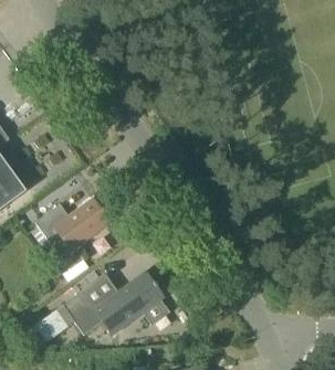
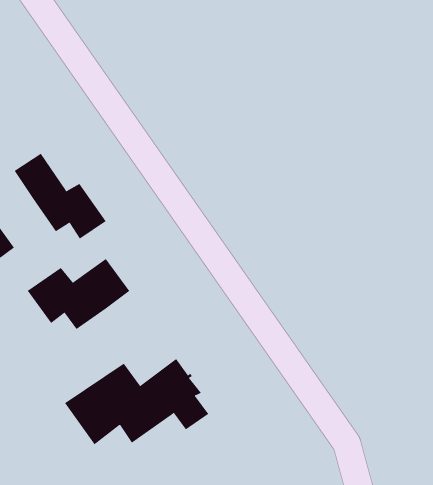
building: none -> [14,153,107,239]

